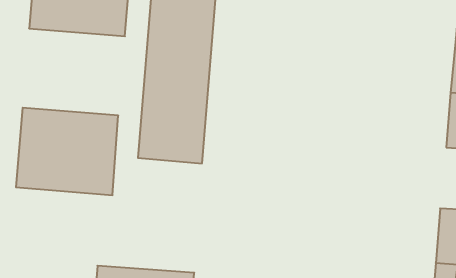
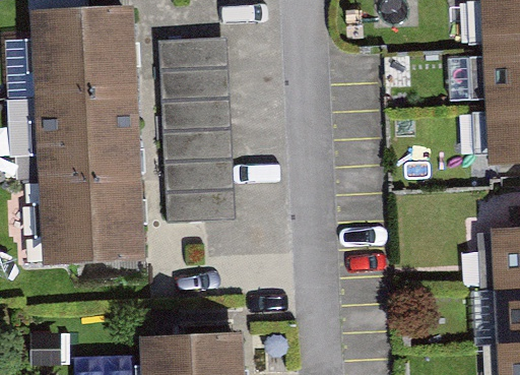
building: none -> [35,92,140,182]

